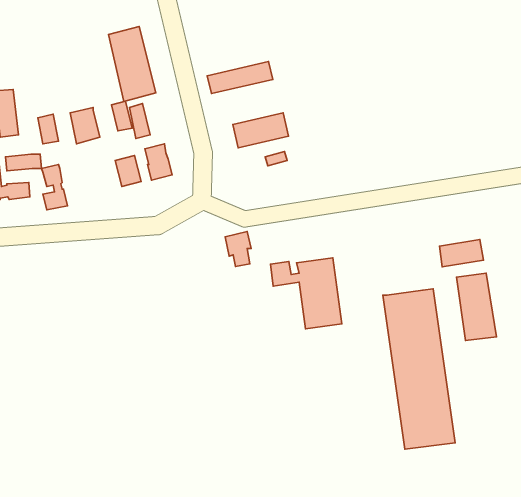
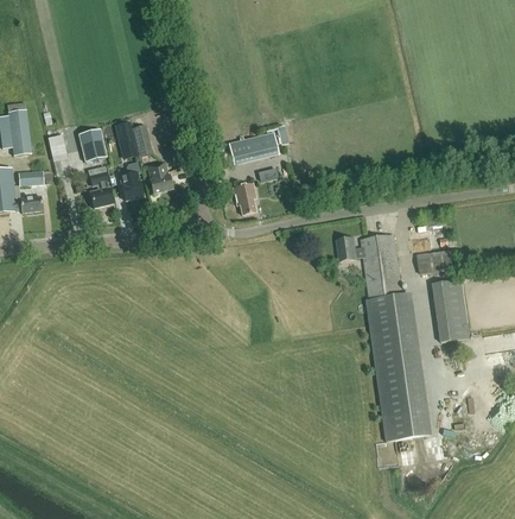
building: [109,27,156,102] -> none
building: [207,62,273,94] -> none
building: [42,165,67,210] -> [88,165,112,207]
building: [225,232,251,267] -> [231,182,255,214]
building: [271,258,342,329] -> [336,234,401,299]

